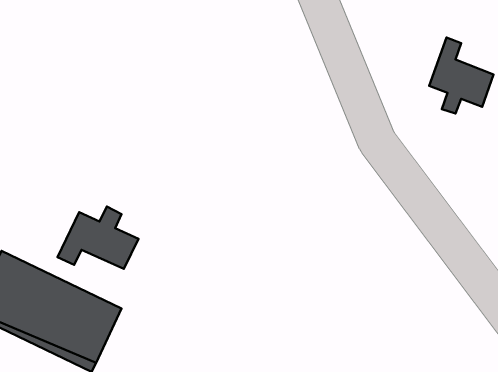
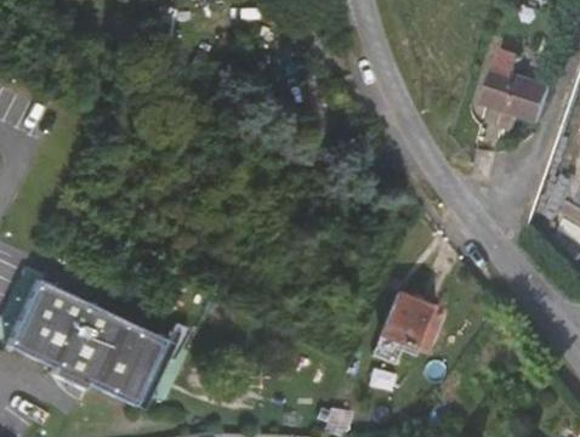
building: [57,207,138,269] -> none
building: none -> [381,299,438,357]

